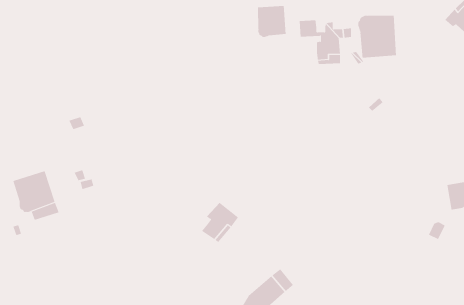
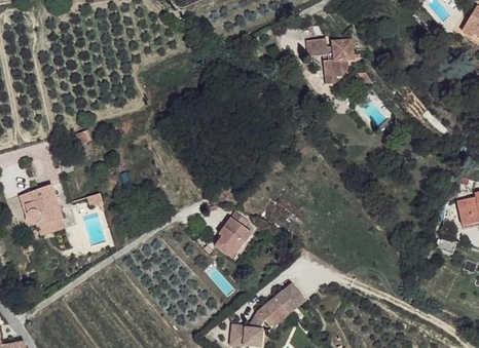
building: [257,5,286,38] -> none
building: [358,15,397,58] -> none

